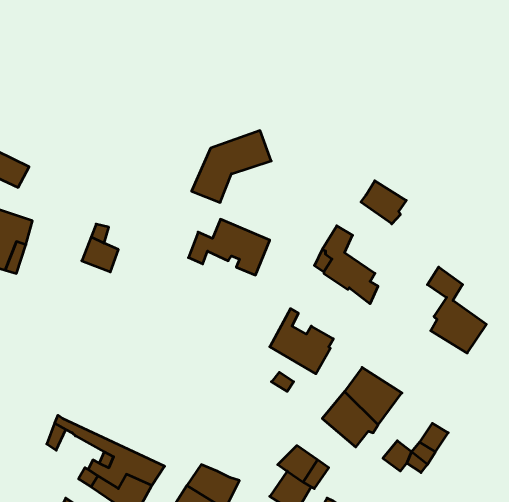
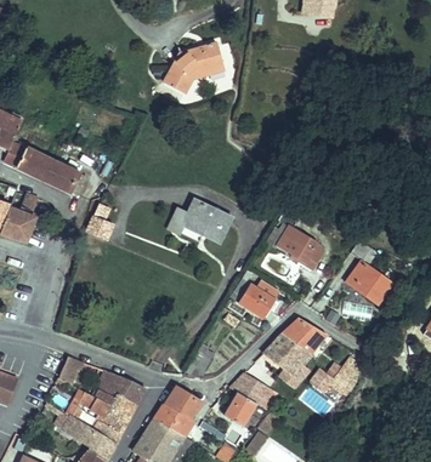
building: [192,131,271,202] -> [158,45,219,99]
building: none -> [35,162,83,196]
building: [361,181,406,224] -> none

